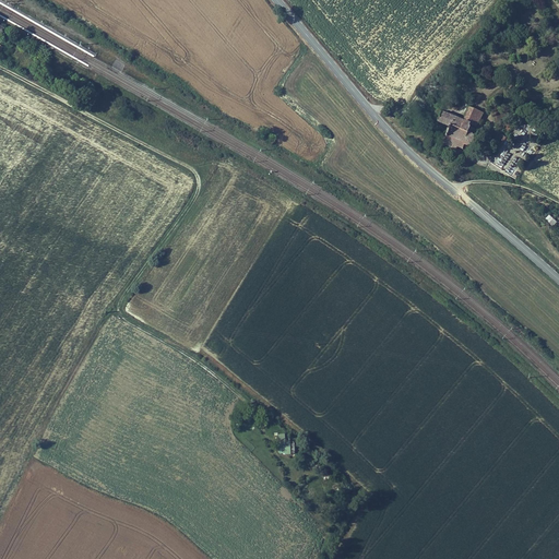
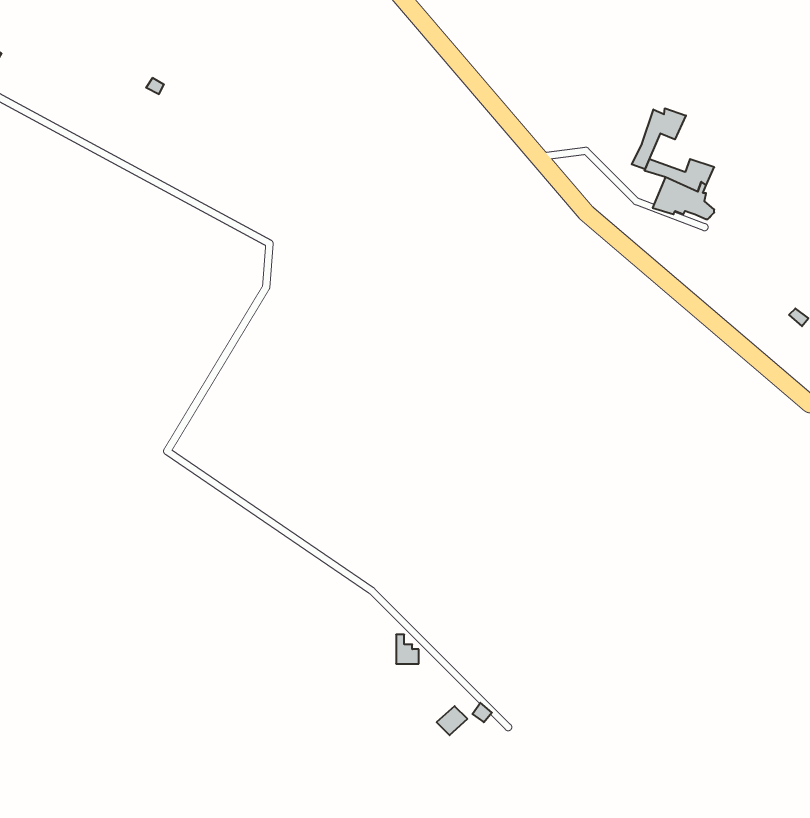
building: none -> [632,108,686,169]

